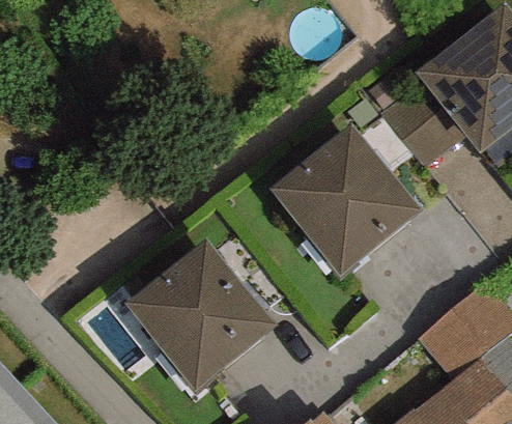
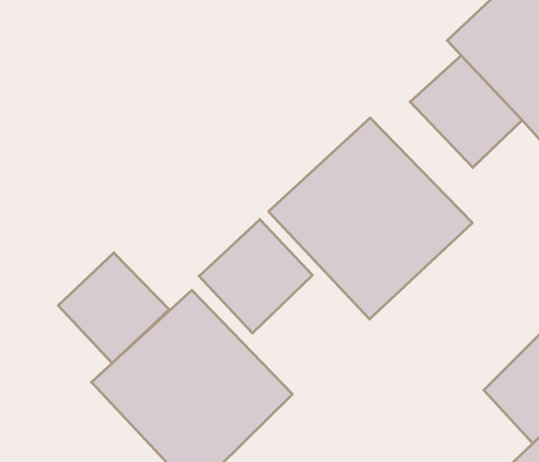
building: none -> [199,219,312,333]
building: none -> [58,253,169,363]

